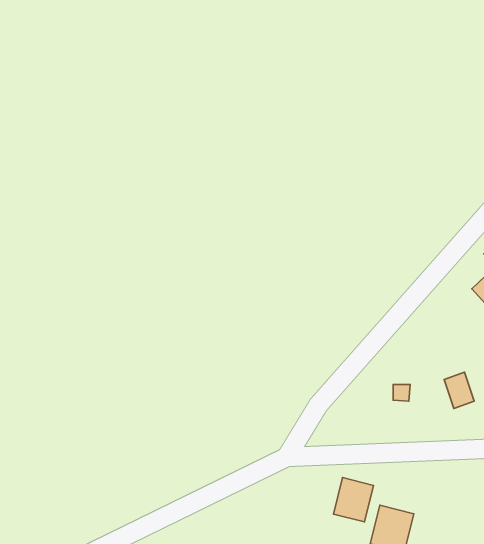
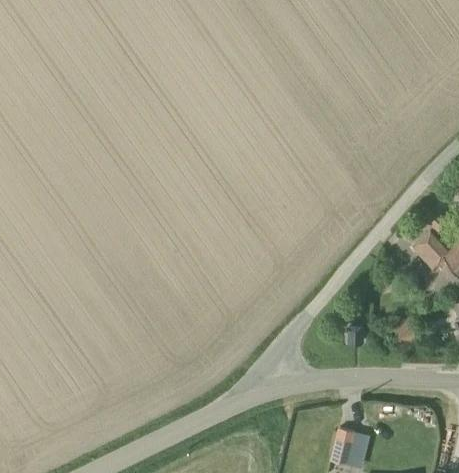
building: [334,478,374,522] -> none

